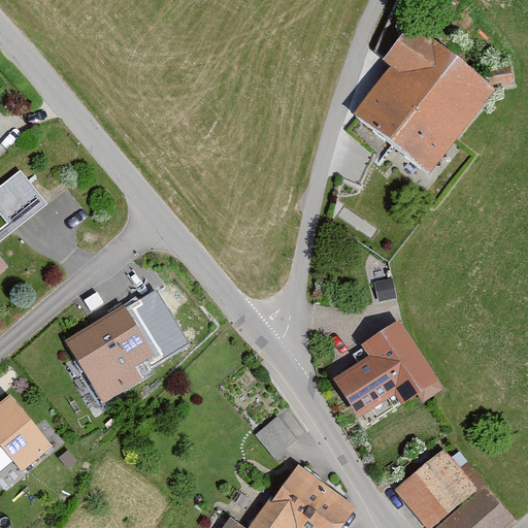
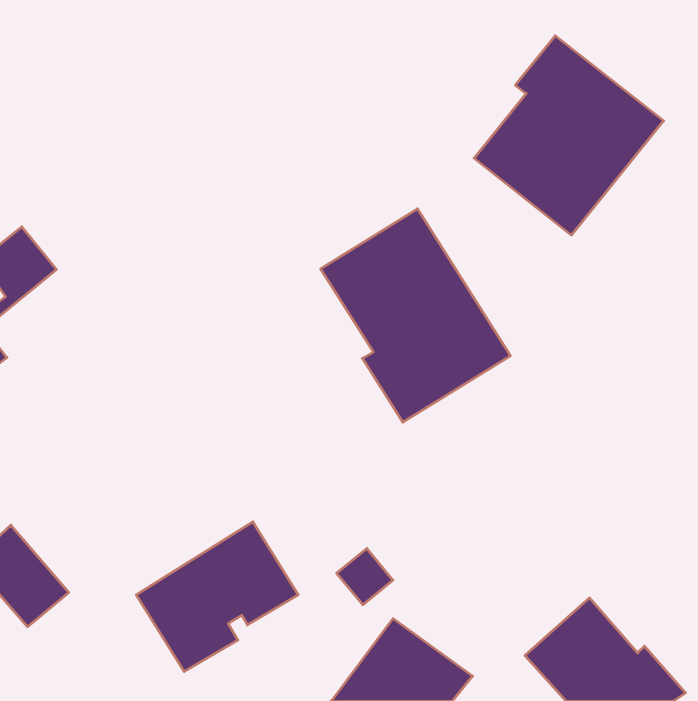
building: none -> [321,209,510,422]
building: [65,288,187,400] -> [136,522,298,672]
building: [332,320,435,416] -> none

